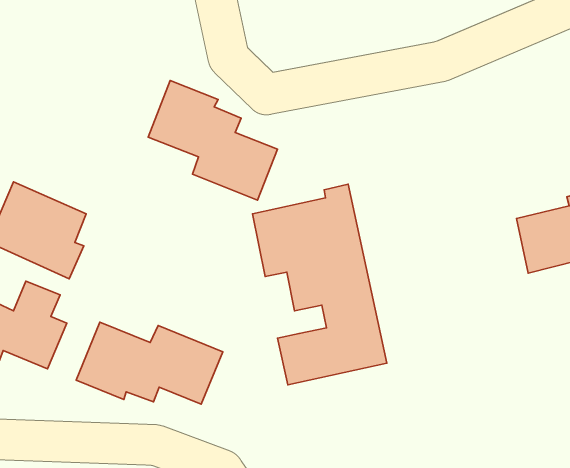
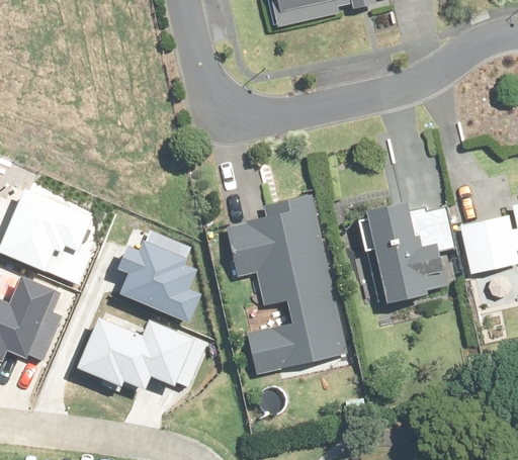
building: [148,80,277,200] -> none
building: none -> [357,201,454,302]
building: none -> [111,234,191,320]

